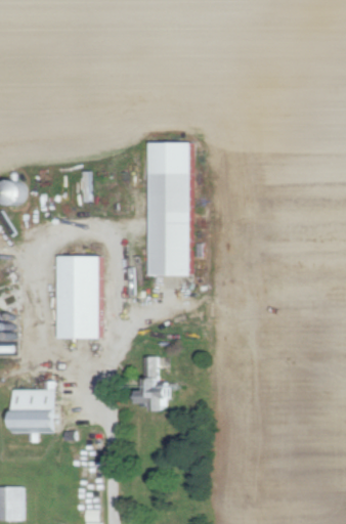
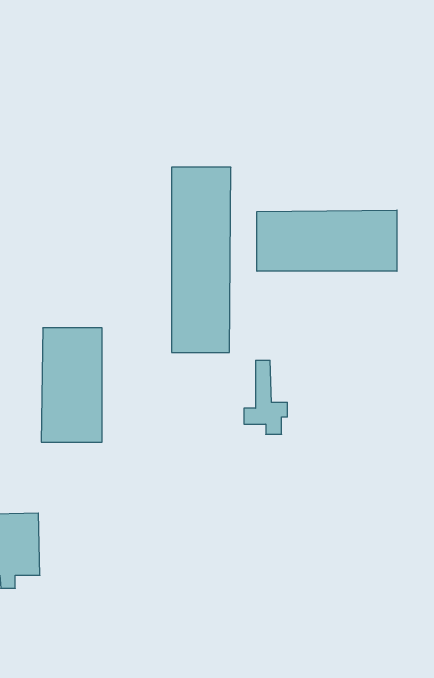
building: none -> [257,210,397,271]
building: [135,356,166,408] -> [244,360,287,434]

